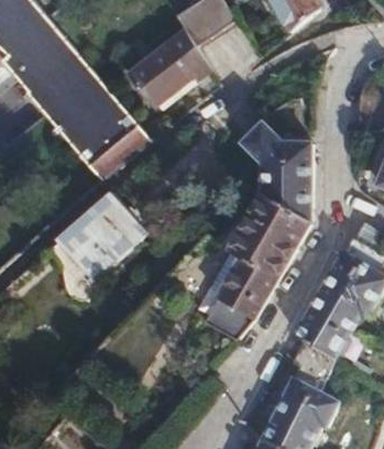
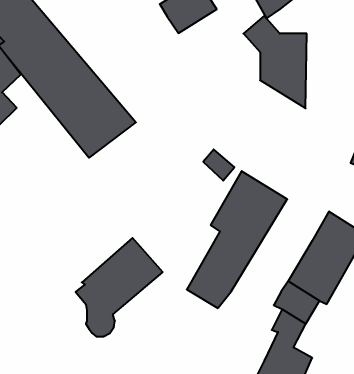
building: [127,30,206,108] -> none
building: [244,125,311,223] -> [243,16,307,108]
building: [53,193,145,297] -> [76,238,163,336]

